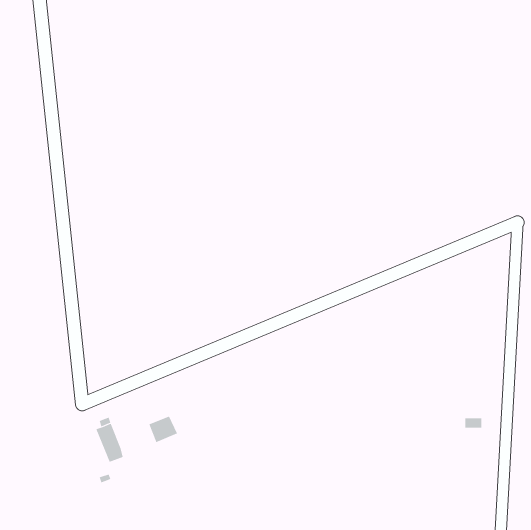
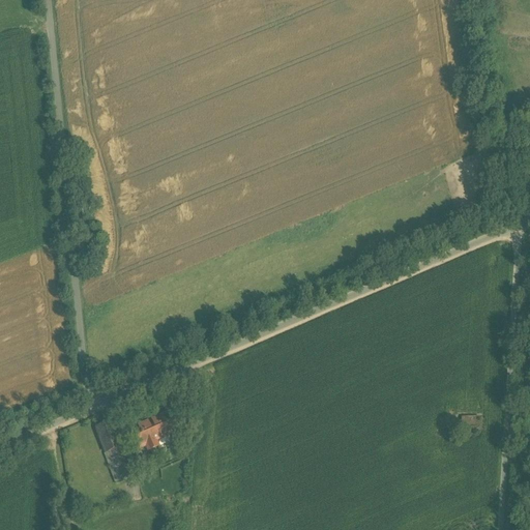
building: none -> [132,422,158,450]

